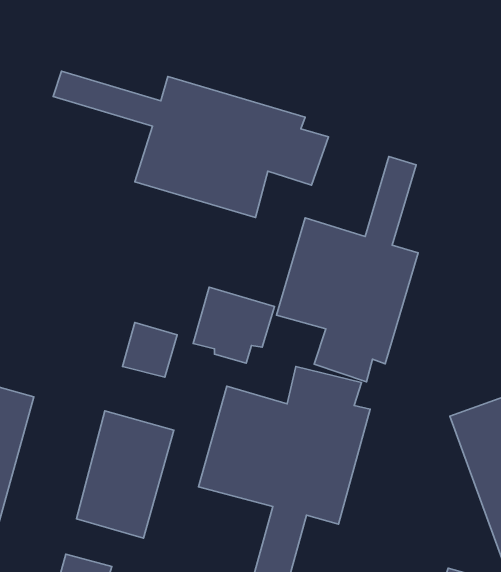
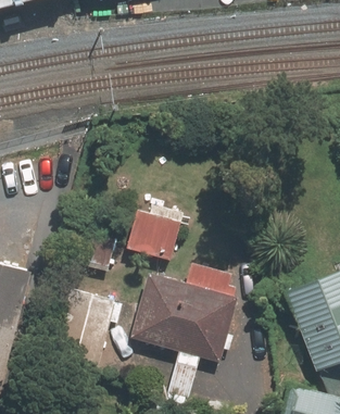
building: [53,71,329,217] -> none
building: [277,156,418,382] -> none

